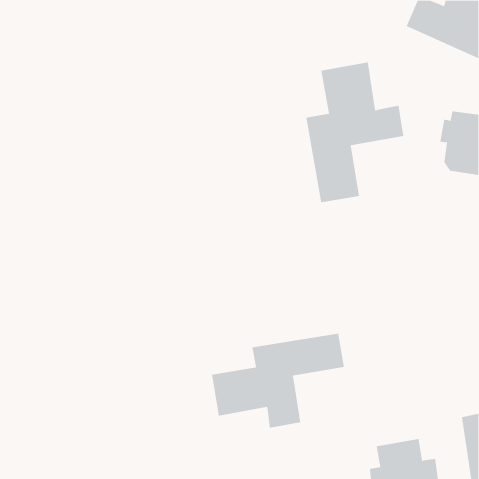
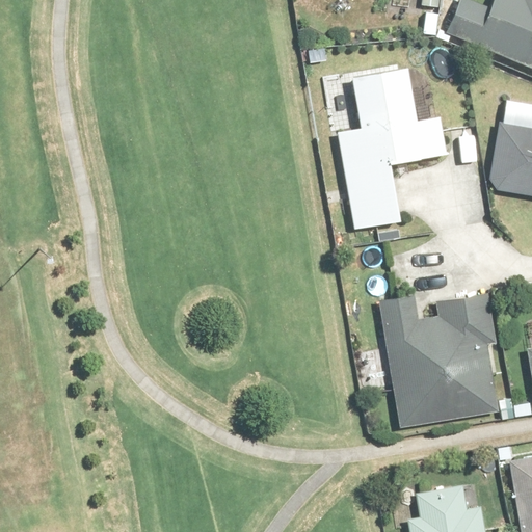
building: none -> [379,294,499,427]
building: [212,333,345,429] -> none

